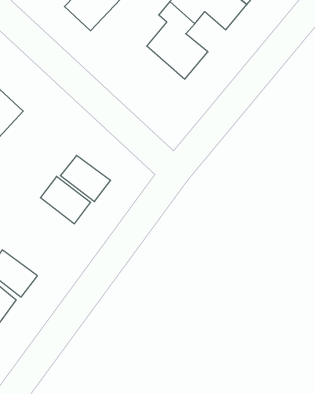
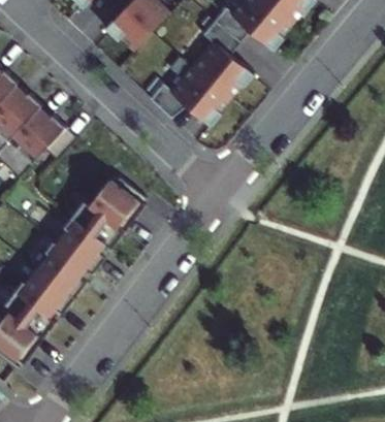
building: none -> [143,63,224,122]
building: none -> [57,221,107,268]
building: none -> [39,247,91,294]

